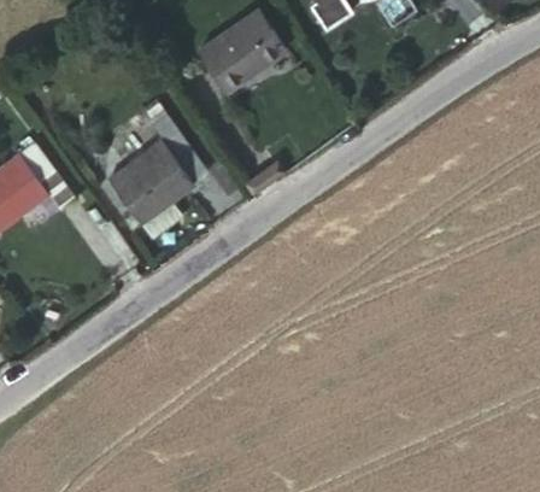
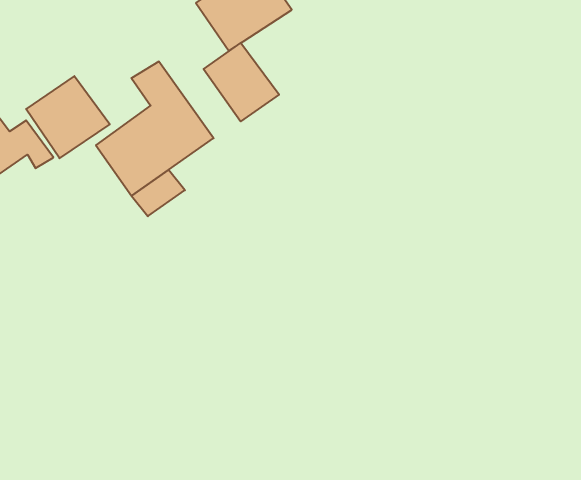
building: none -> [204,43,279,121]
building: none -> [26,76,110,158]

